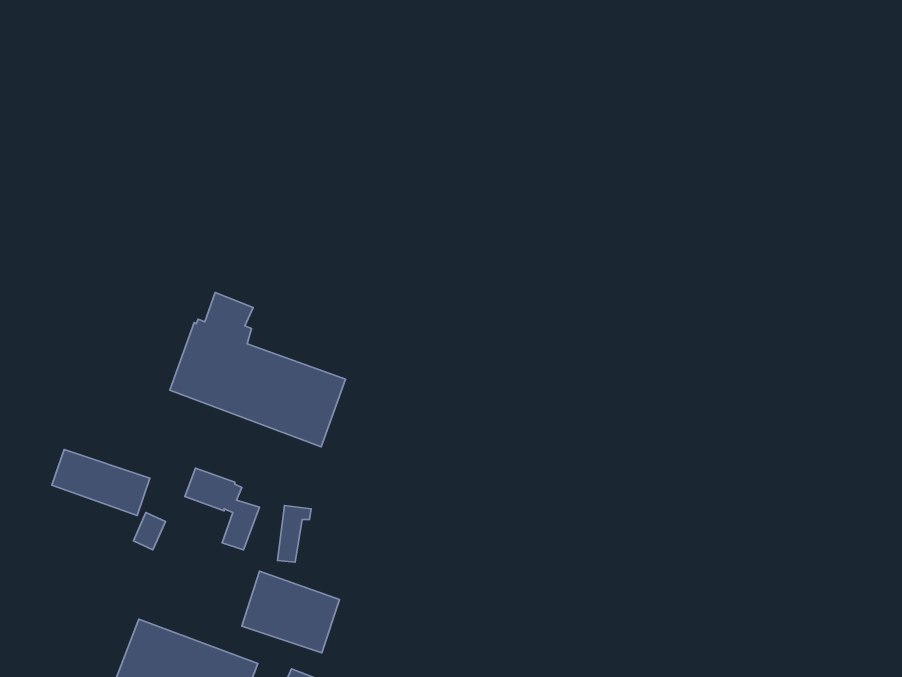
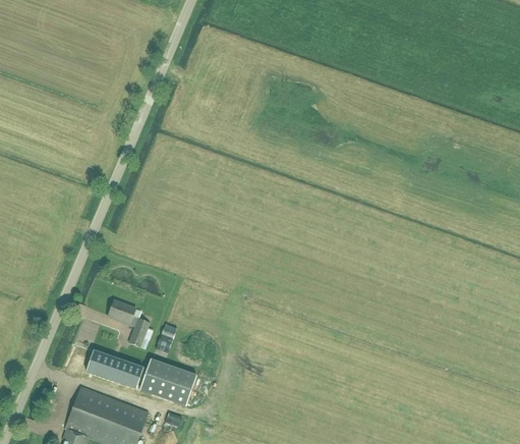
building: [170,293,346,447] -> none
building: [52,450,150,515] -> [86,350,142,388]

